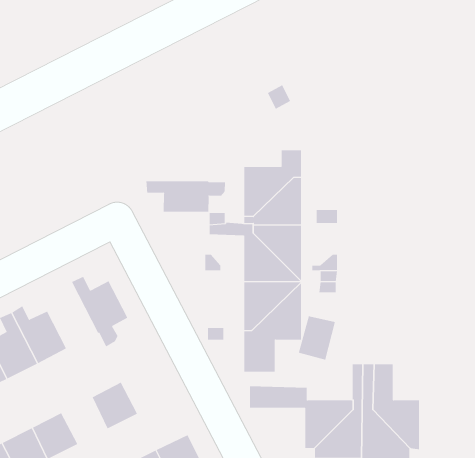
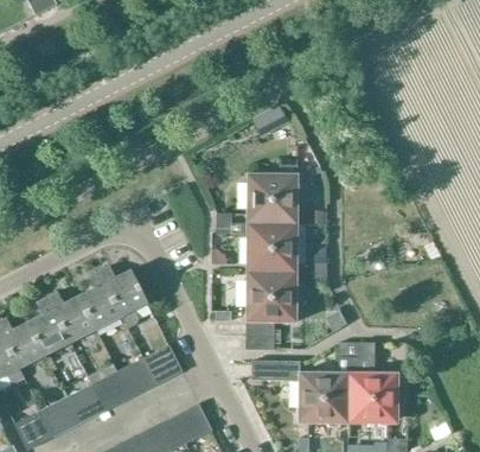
building: [146,180,226,212] -> none
building: none -> [79,273,122,330]
building: [298,316,336,360] -> none
building: none -> [142,345,183,386]
building: none -> [91,371,130,412]

